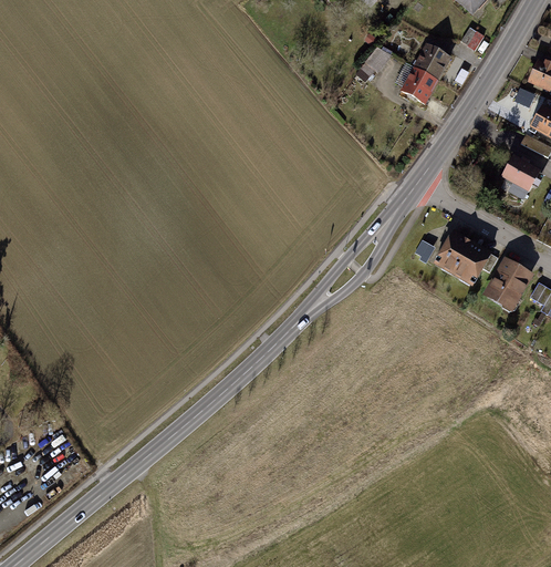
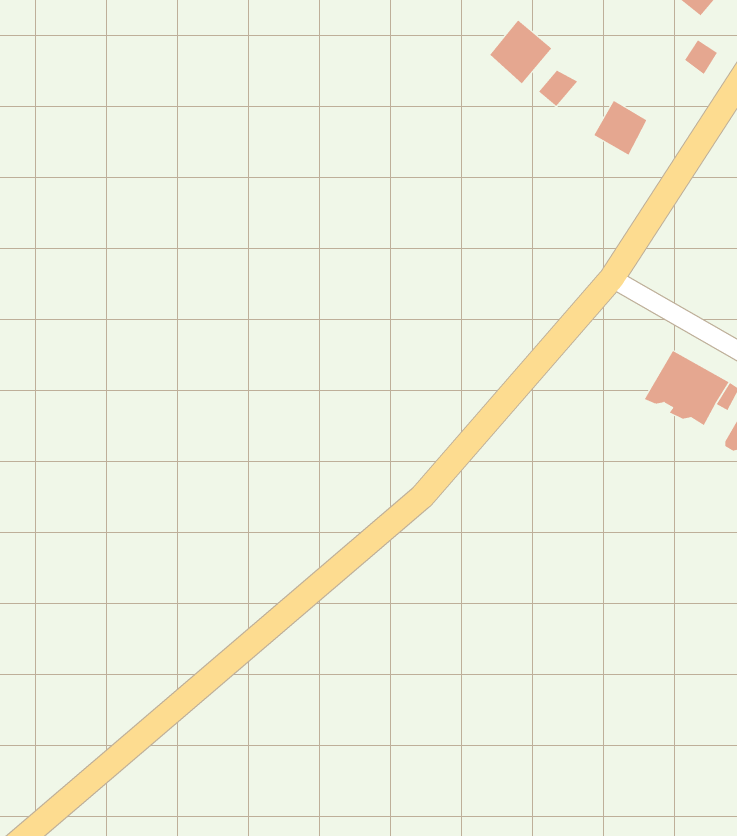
building: none -> [489,19,552,84]
building: [414,44,449,80] -> none

